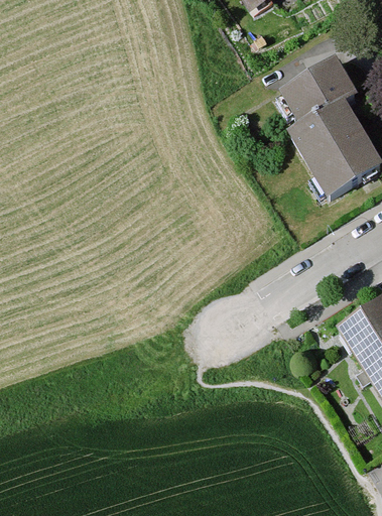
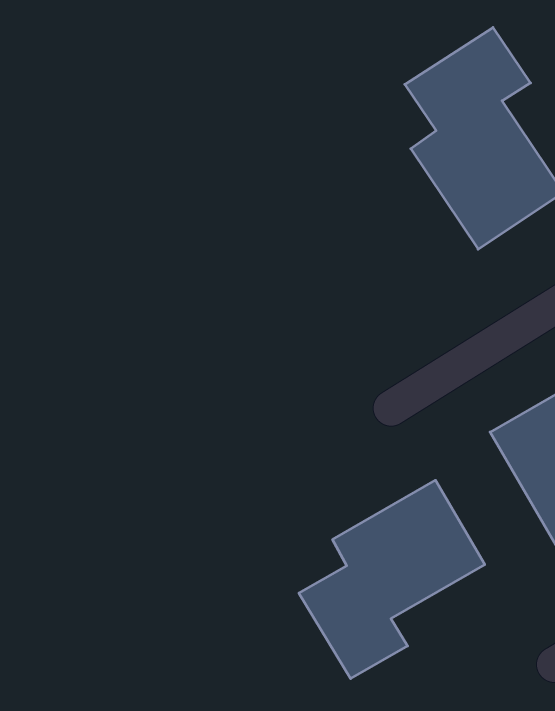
building: none -> [299,480,485,679]

